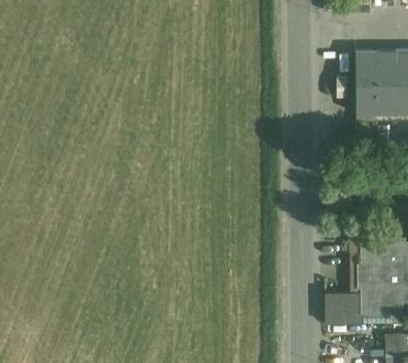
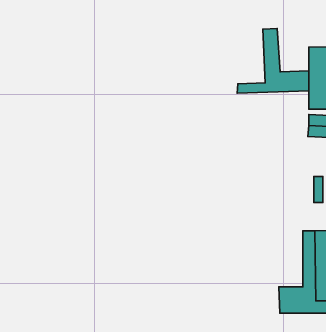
building: none -> [237,29,309,93]

